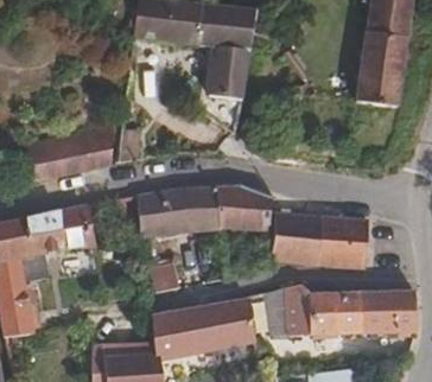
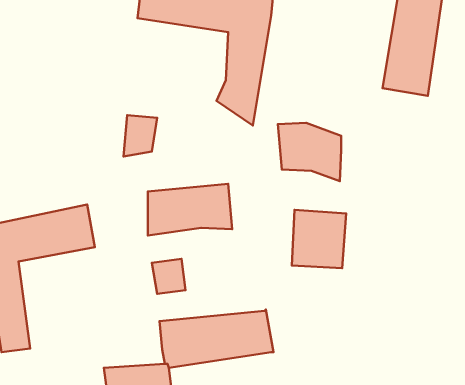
building: [26,126,114,179] -> none
building: [214,185,272,238] -> [278,123,341,181]
building: [318,214,368,266] -> none
building: [268,286,420,336] -> none

